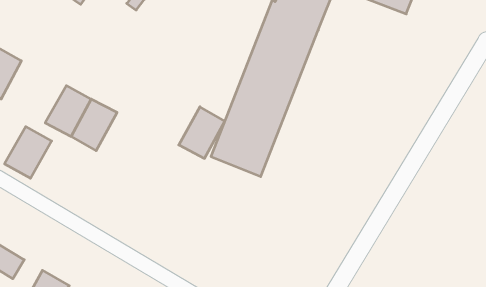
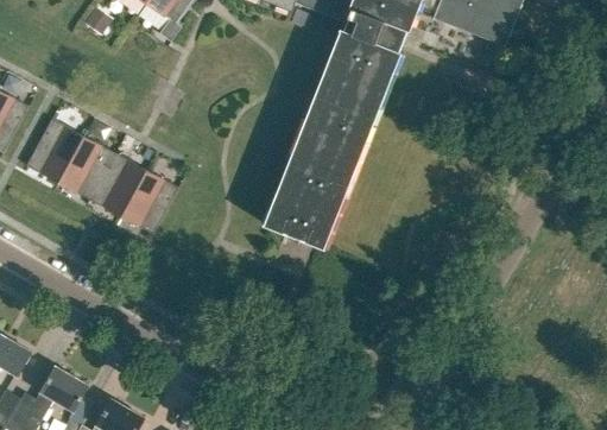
building: [179,107,225,158] -> [120,170,177,234]
building: [5,127,52,178] -> [25,119,83,183]

